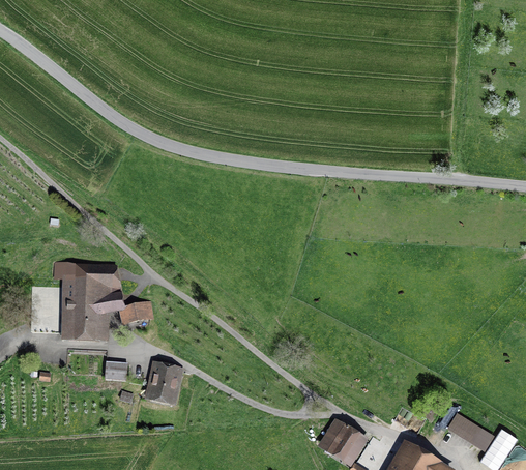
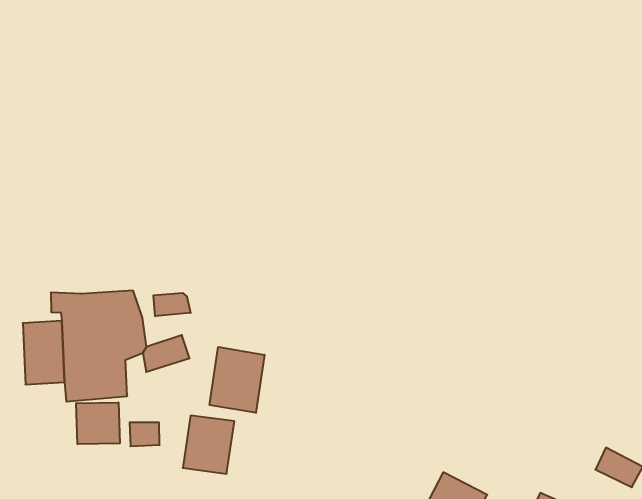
building: none -> [153,293,191,316]
building: none -> [210,347,265,413]
building: none -> [76,402,120,444]

